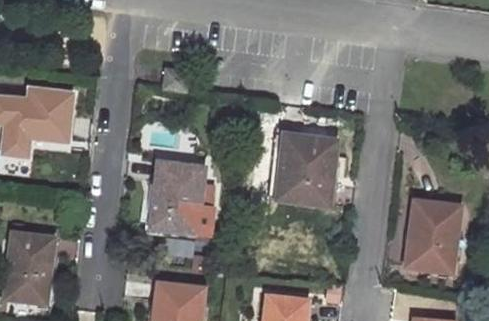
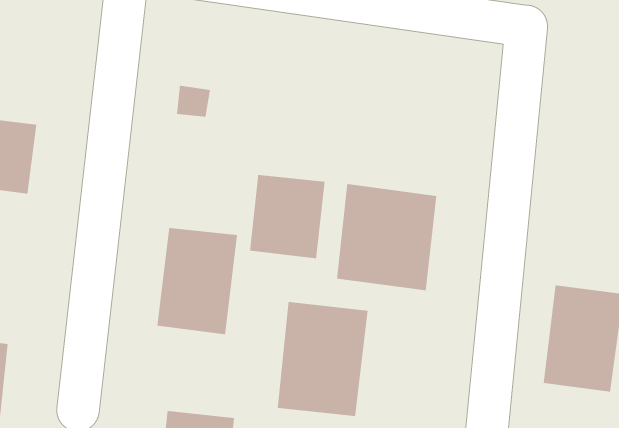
building: none -> [250,174,325,259]
building: none -> [277,301,368,417]

